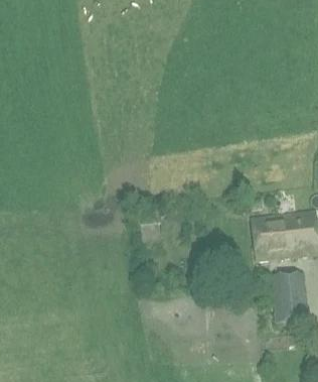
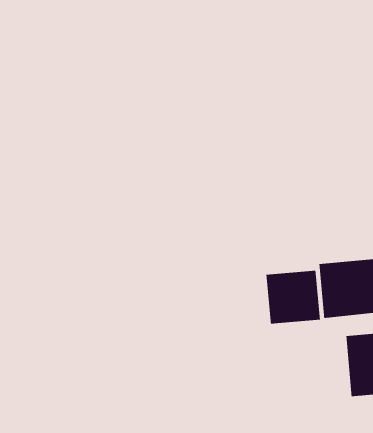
building: none -> [265,270,321,325]

